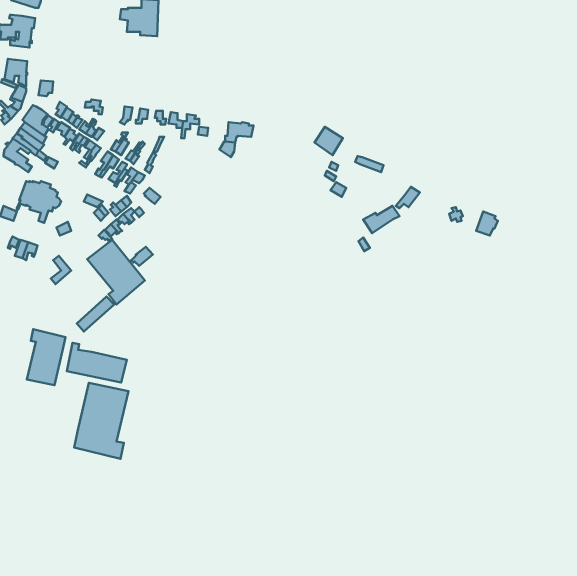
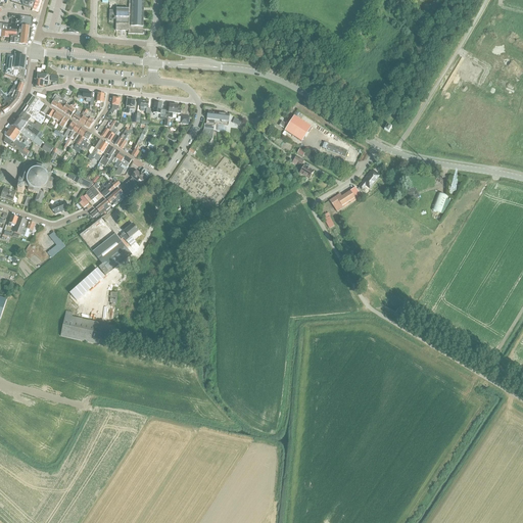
building: [27,329,65,385] -> none
building: [74,383,129,459] -> none

